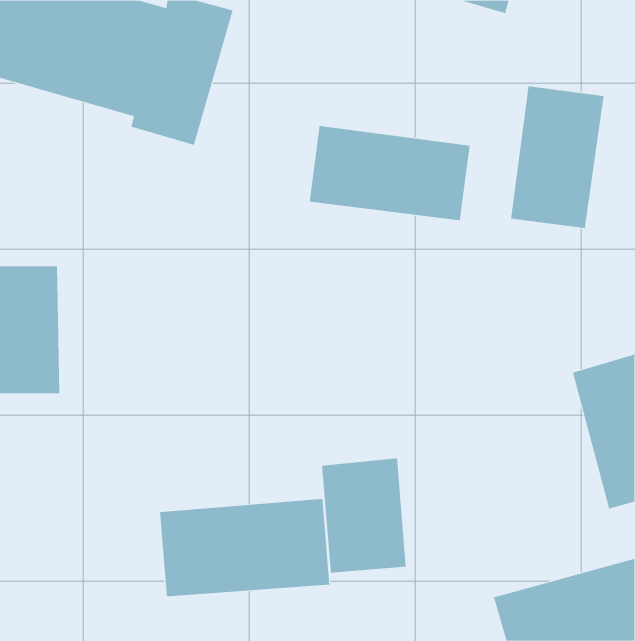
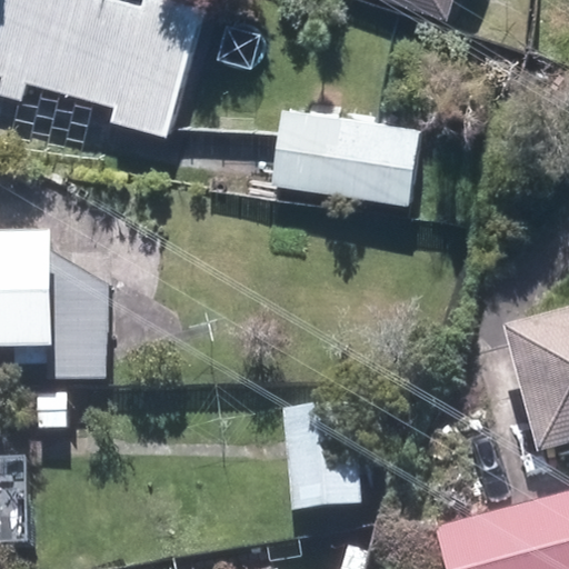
building: [511,85,604,229] -> none
building: [159,498,330,597] -> none

